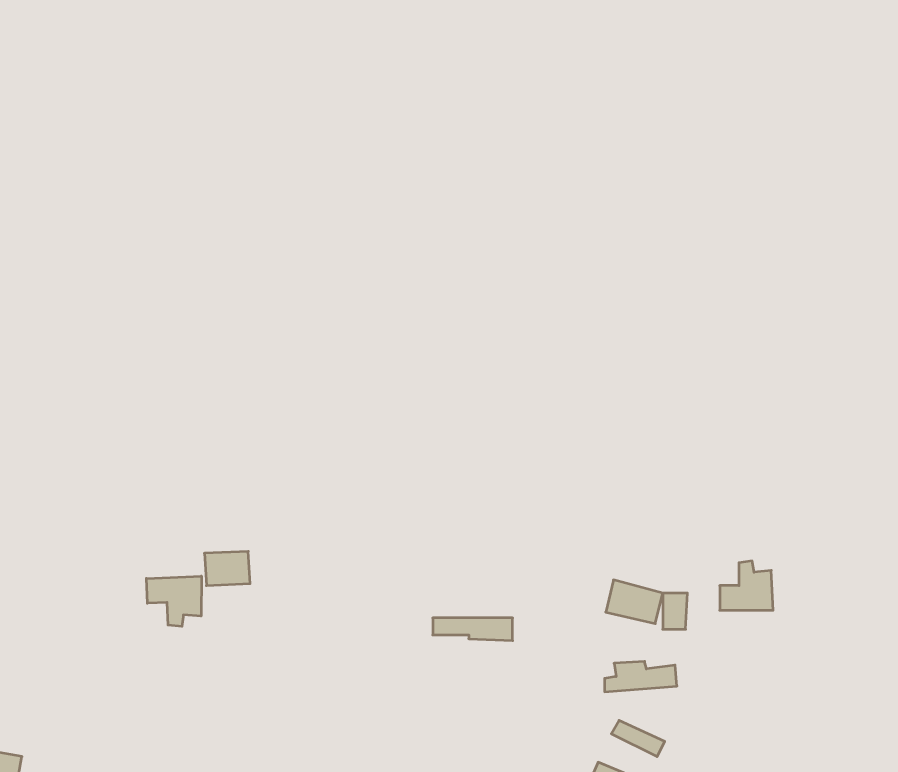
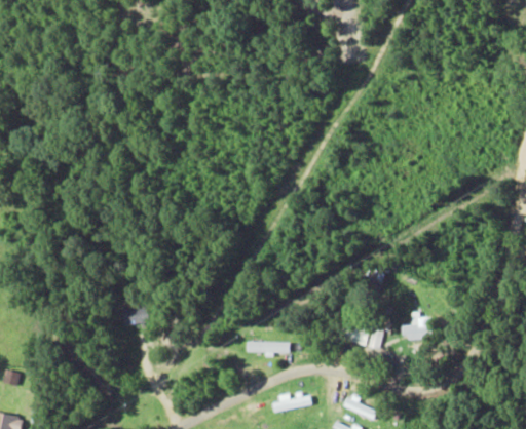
building: [146,576,201,626] -> none
building: [605,661,677,692] -> [272,393,311,410]

